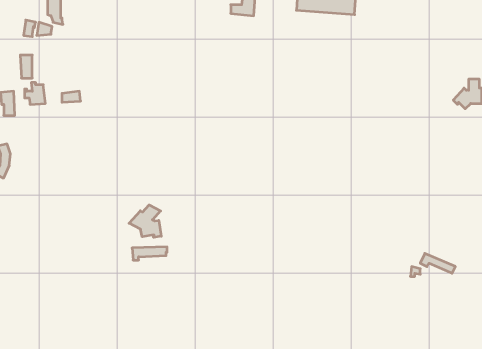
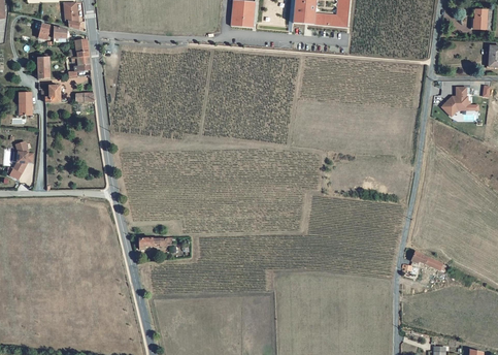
building: none -> [69,46,88,77]
building: [129,205,161,237] -> none

